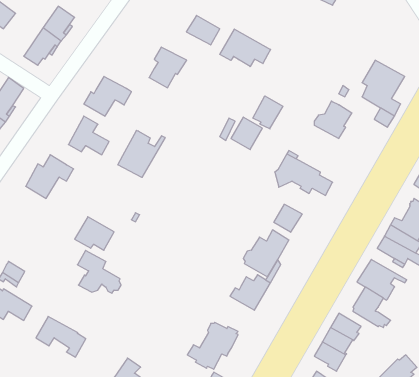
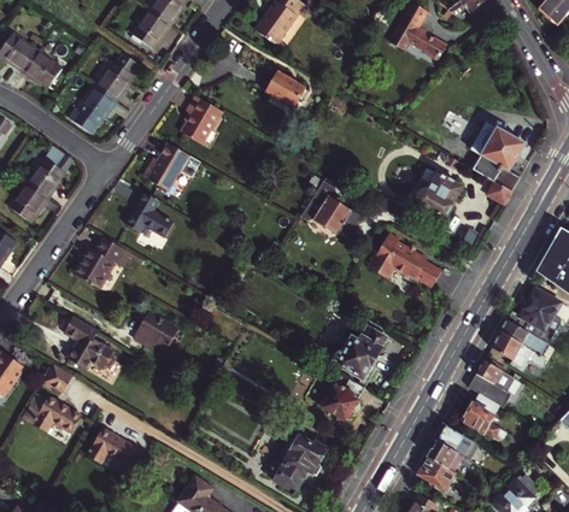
building: [220,29,271,67] -> none
building: [149,47,187,88] -> [180,95,224,143]
building: [253,96,283,129] -> none
building: [118,130,165,177] -> none
building: [274,204,302,232] -> none
building: [77,250,121,293] -> [64,316,116,366]

